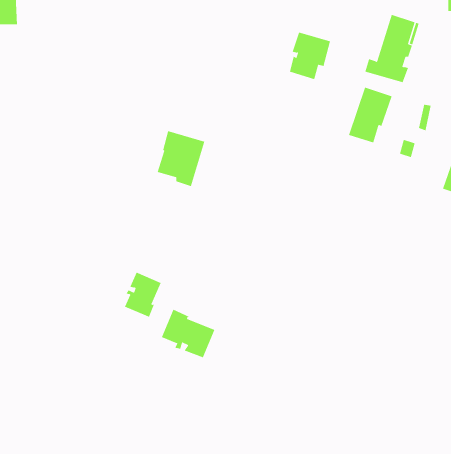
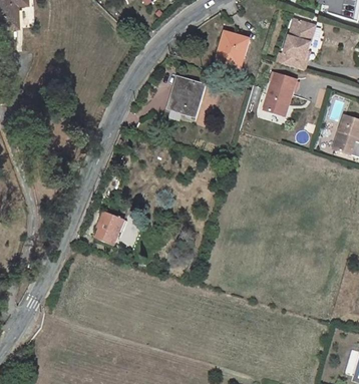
building: [157,131,205,187] -> [168,76,205,118]
building: [161,309,215,358] -> none

